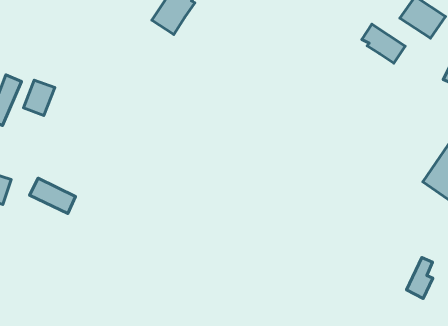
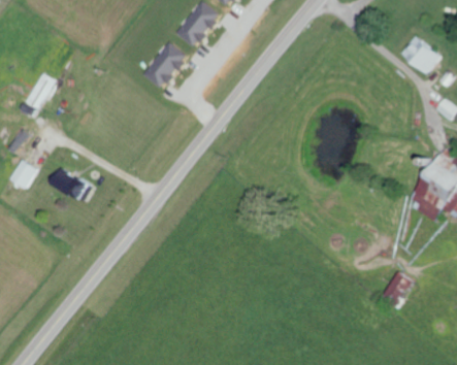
building: [362,24,405,63] -> none
building: none -> [142,42,187,89]
building: [23,80,55,115] -> none

